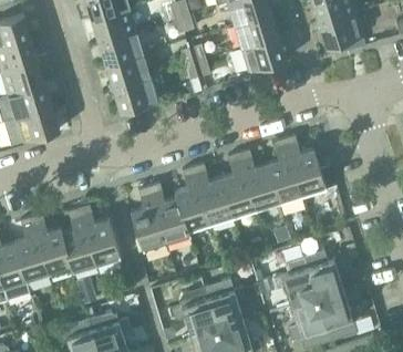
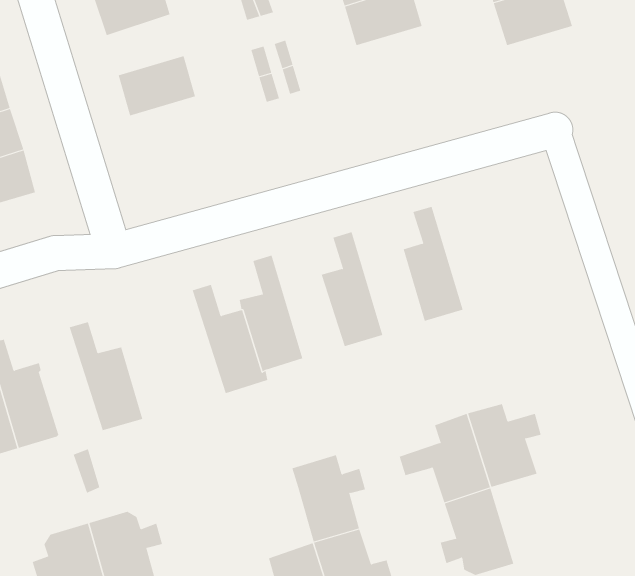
building: [100,30,144,64] -> none
building: [241,37,287,72] -> none
building: [113,76,158,112] -> none
building: [285,135,327,197] -> none
building: [239,149,280,211] -> none
building: [194,163,235,225] -> none
building: [131,186,167,251] -> none
building: [62,207,97,273] -> none
building: [173,287,217,338] -> none
building: [318,290,362,341] -> none

